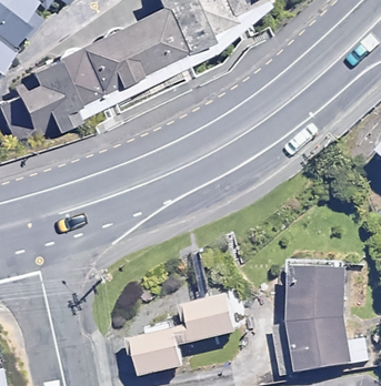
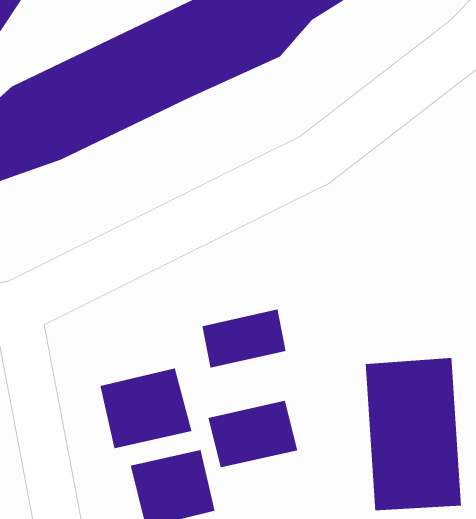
building: none -> [202,309,286,369]
building: none -> [99,367,192,449]

